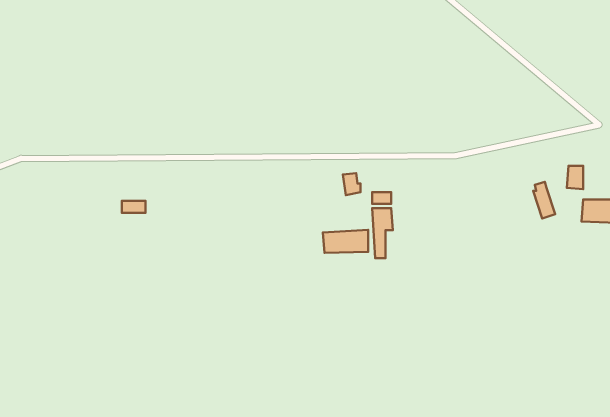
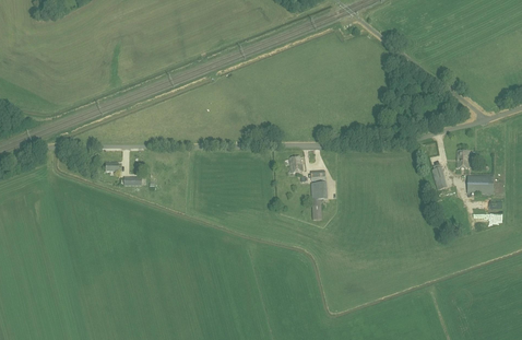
building: [323,230,368,253] -> none

